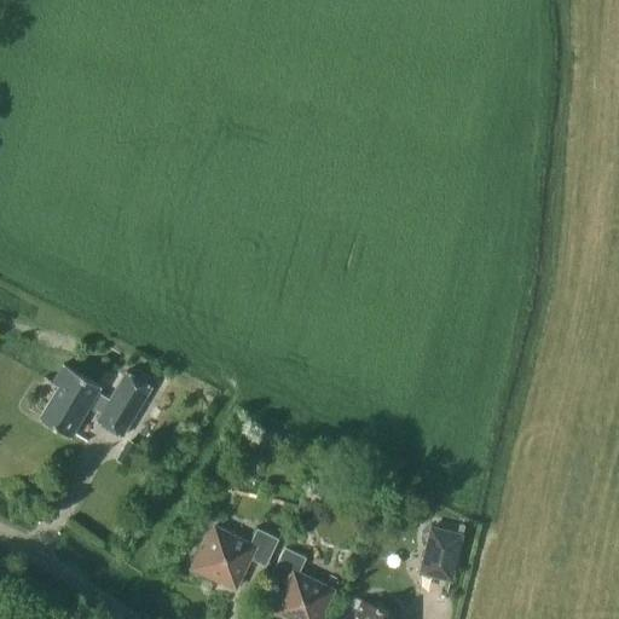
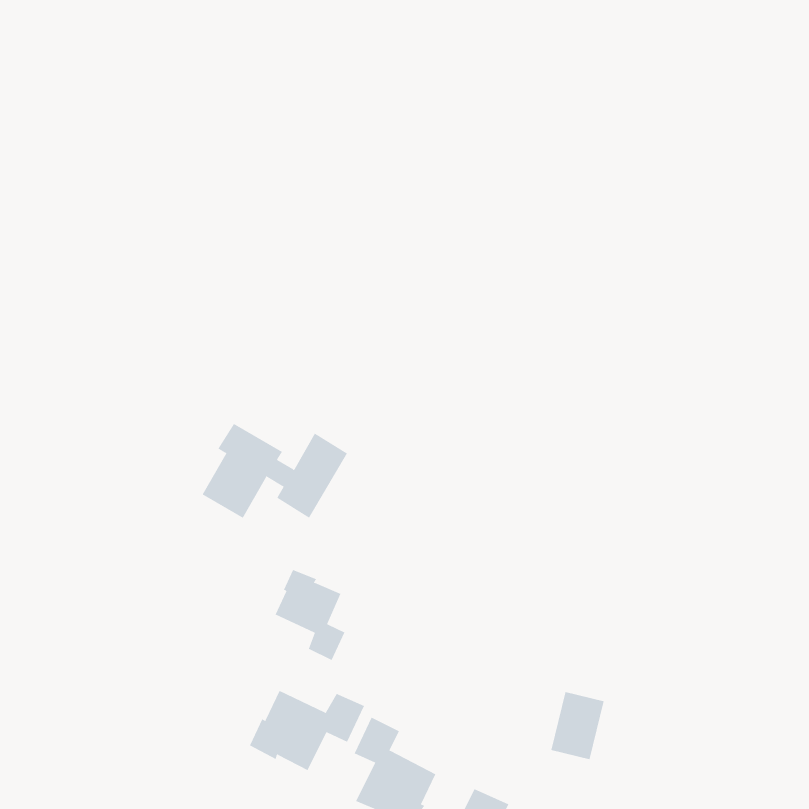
building: [40,365,151,438] -> [202,423,348,518]
building: none -> [275,569,345,661]

